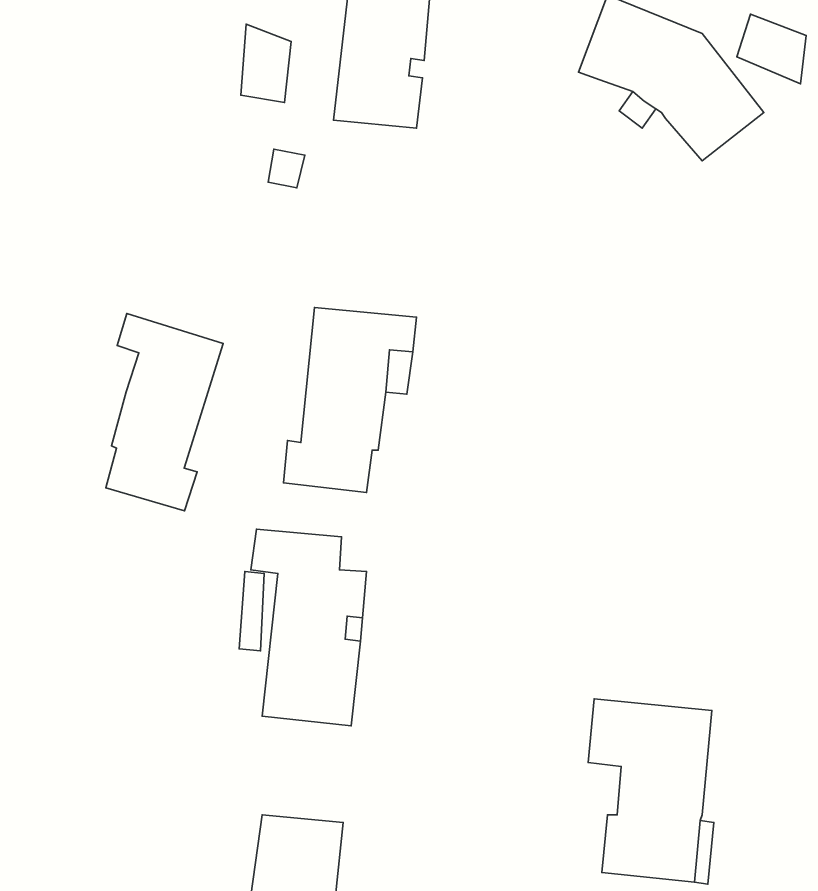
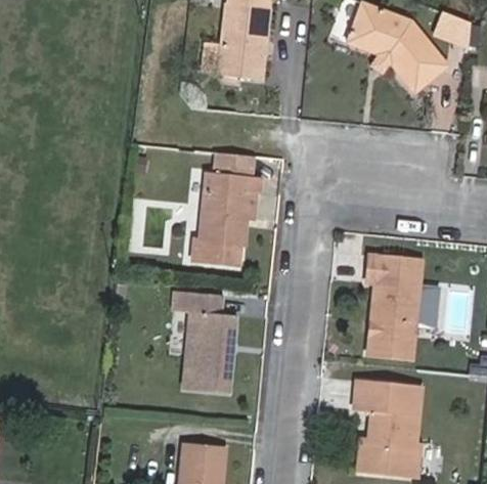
building: [241,24,291,103] -> none
building: [106,313,223,511] -> none
building: none -> [367,253,422,356]

